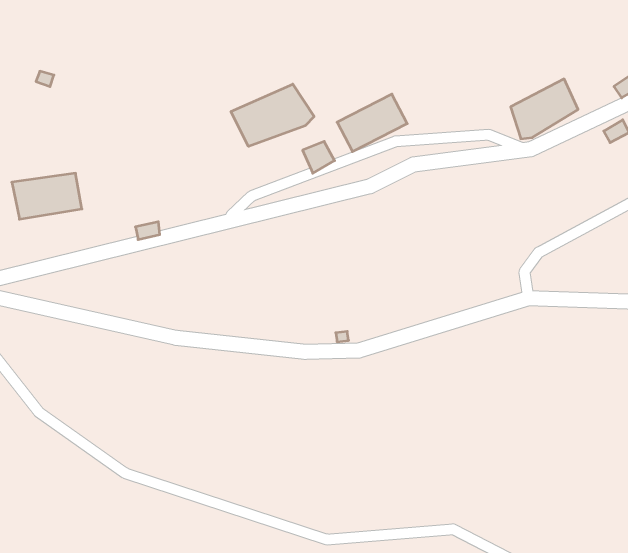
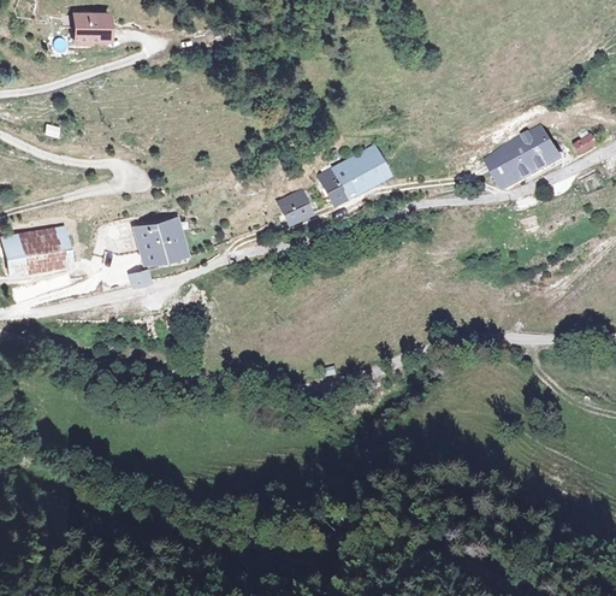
building: [231,84,314,146] -> none
building: none -> [141,219,189,261]

